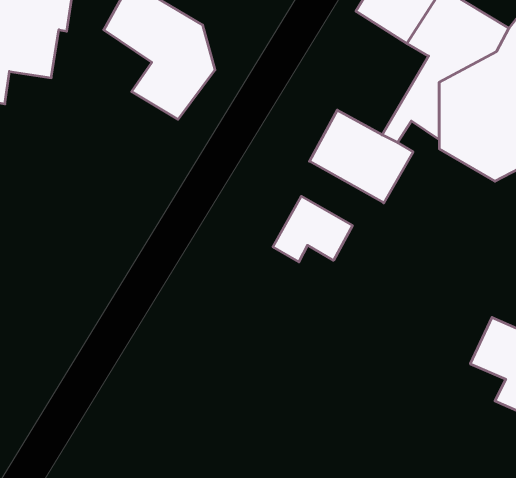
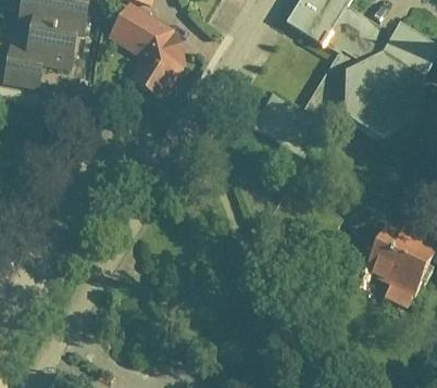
building: [273,196,352,262] -> none

